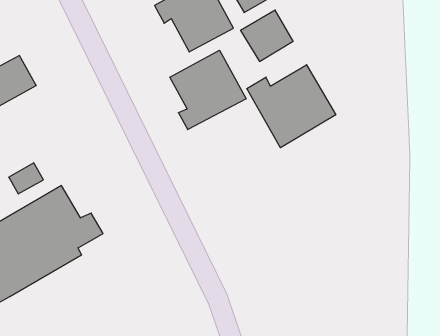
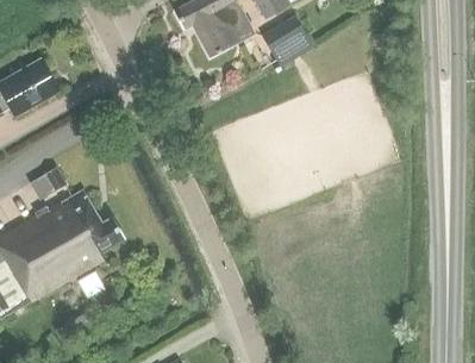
building: [170,50,246,130] -> none
building: [247,65,336,148] -> none

